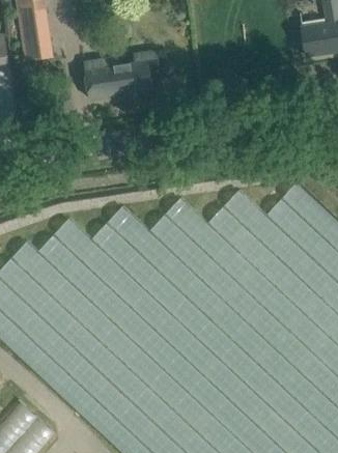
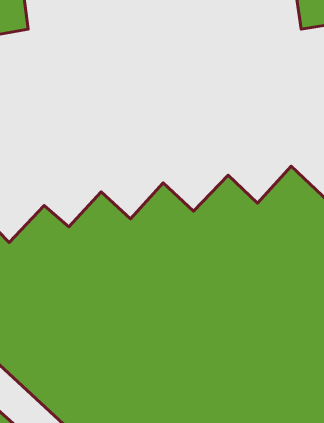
building: [85,51,161,98] -> none

